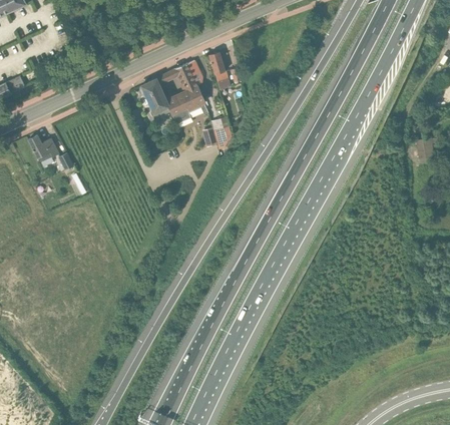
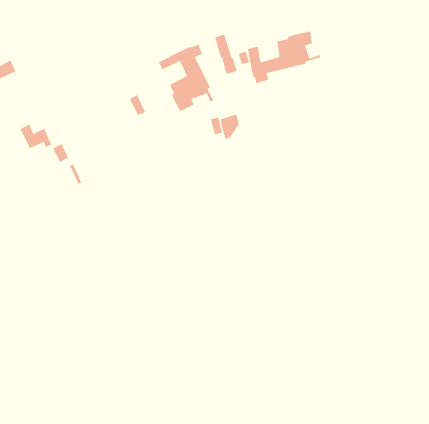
building: none -> [247,30,321,84]
building: [141,77,170,113] -> none

